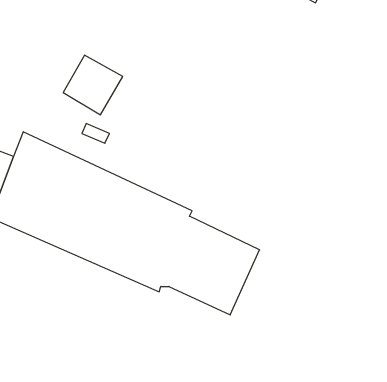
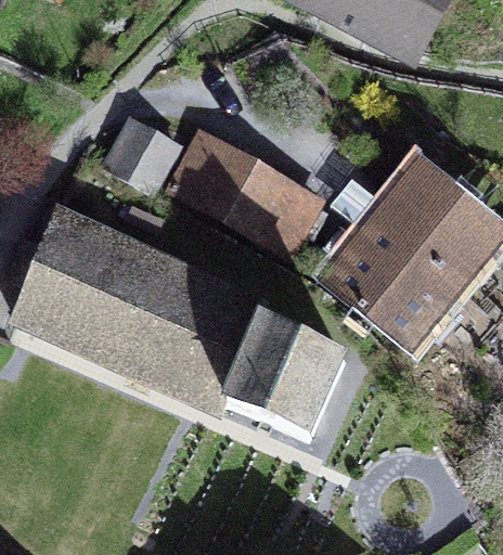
building: none -> [167,133,318,254]
building: none -> [330,170,495,340]

